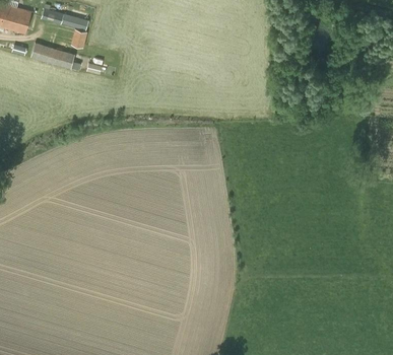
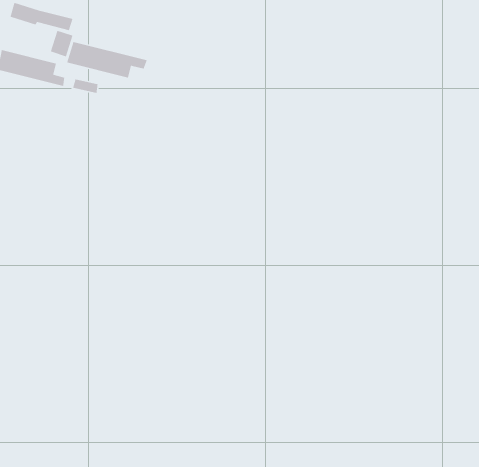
building: none -> [66,41,148,78]

